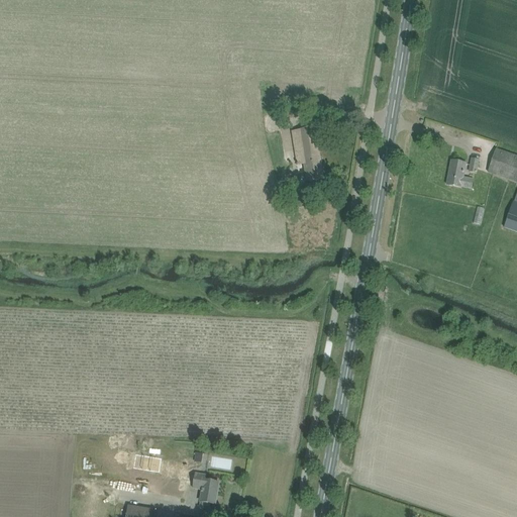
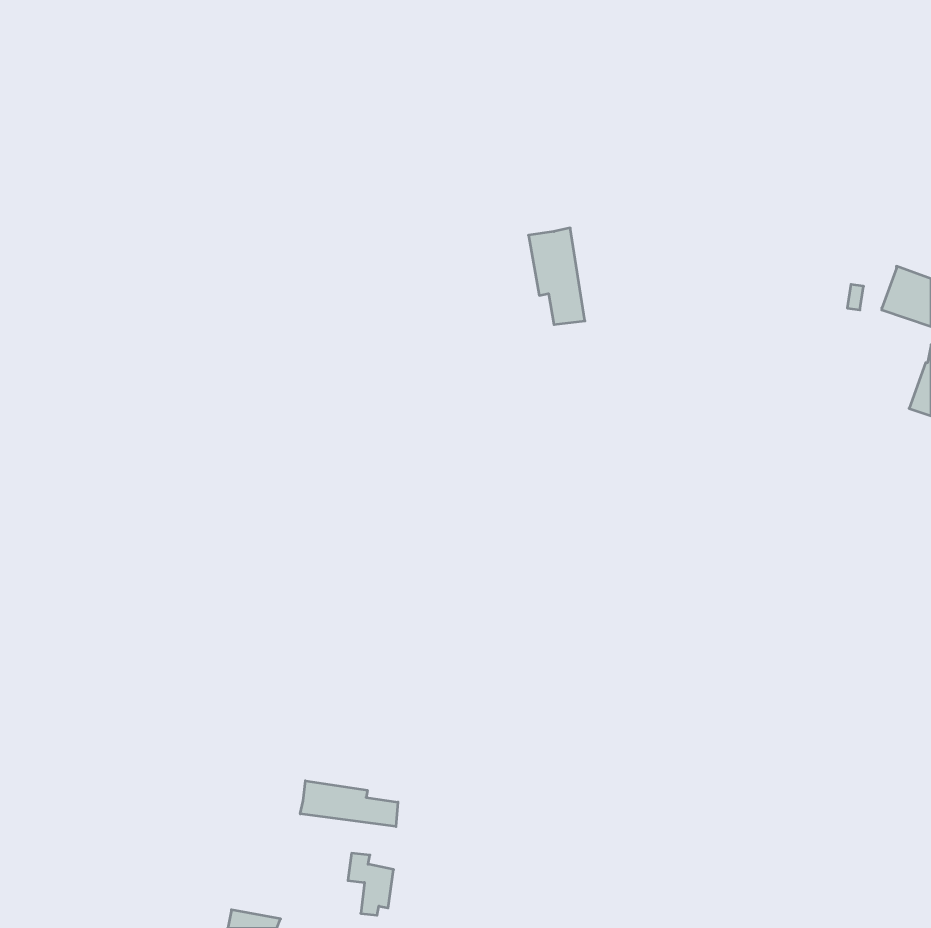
building: [446,160,474,188] -> none
building: none -> [300,781,398,827]

